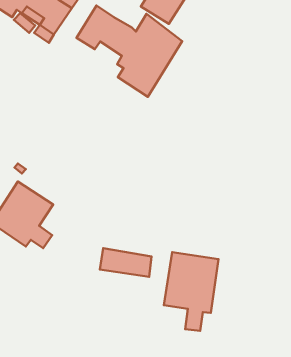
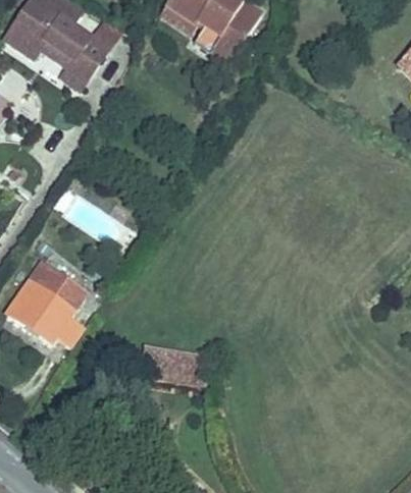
building: [76,6,182,97] -> none
building: [164,252,218,331] -> none

